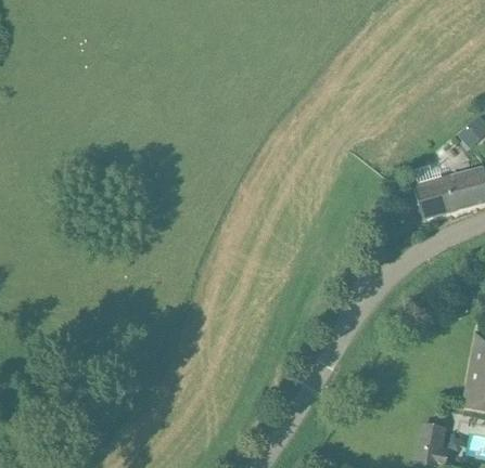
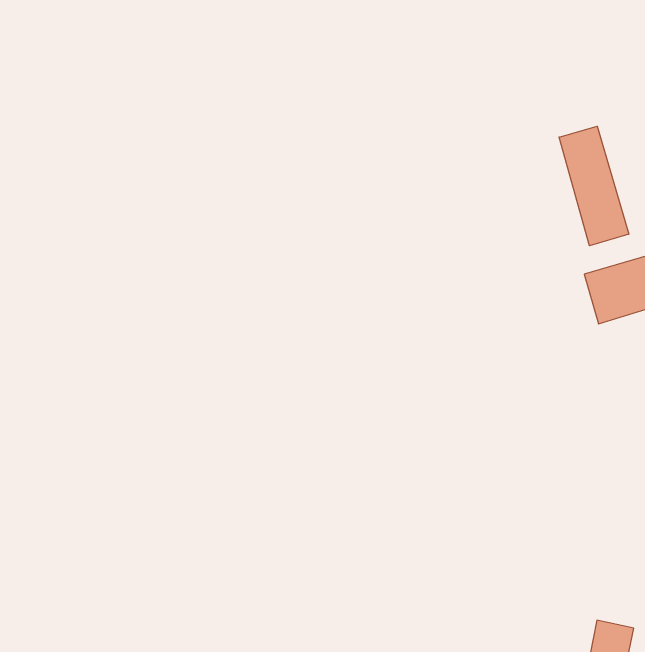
building: none -> [559,126,629,246]

